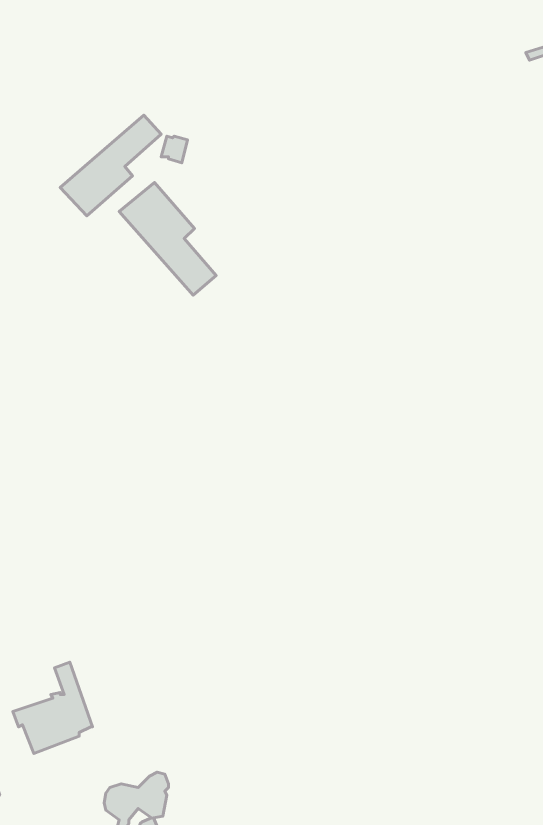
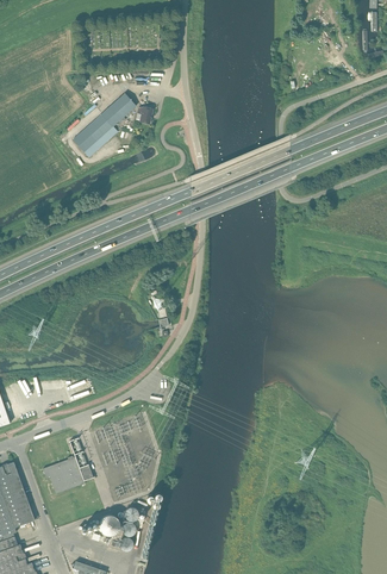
building: [119,183,216,295] -> none

